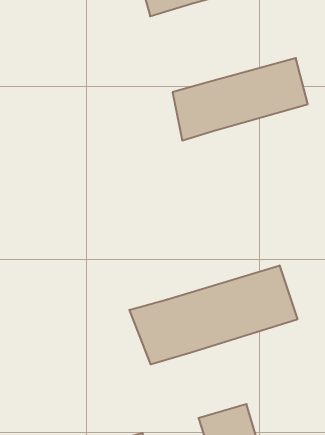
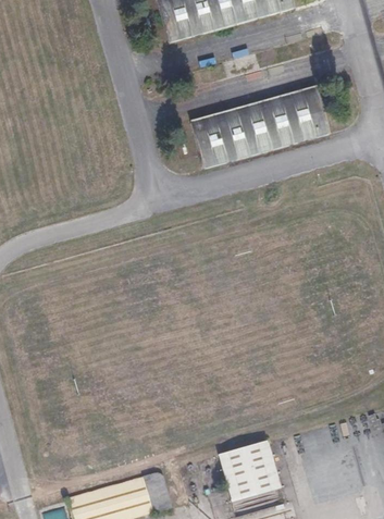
building: [129,265,297,364] -> none

